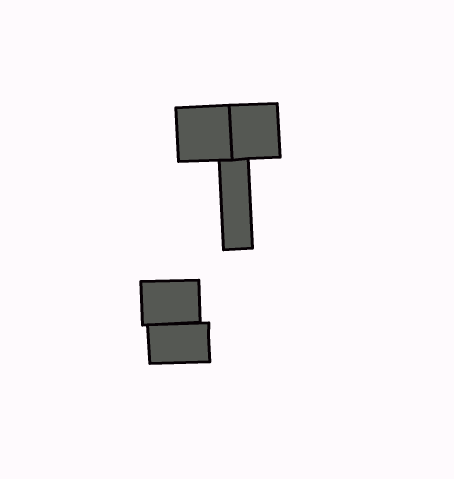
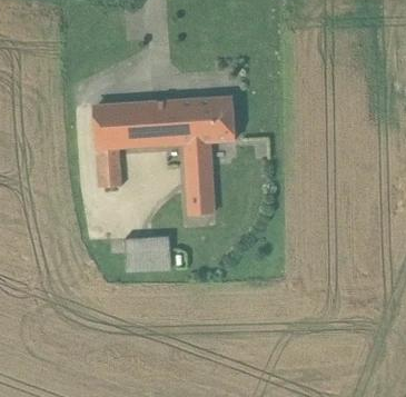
building: none -> [95,102,155,185]
building: [147,323,210,364] -> none

